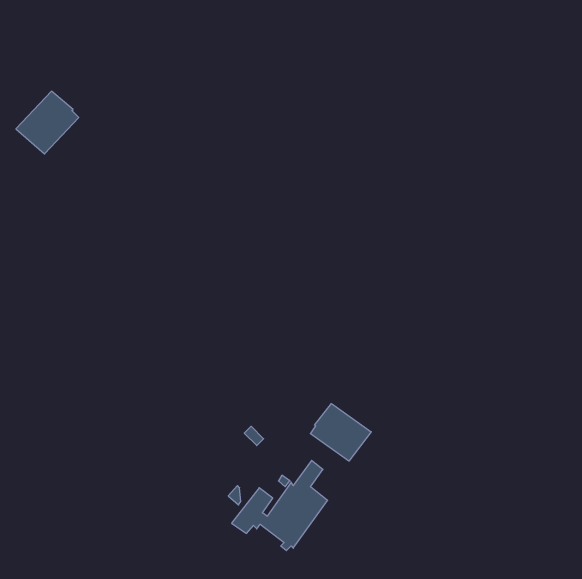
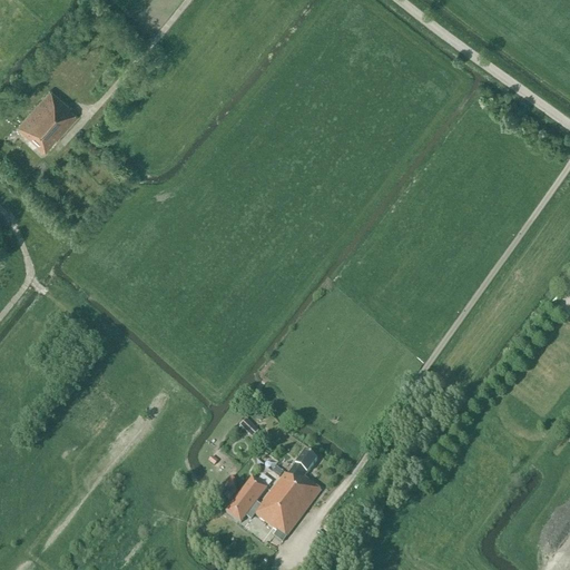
building: [310,404,371,461] -> none

